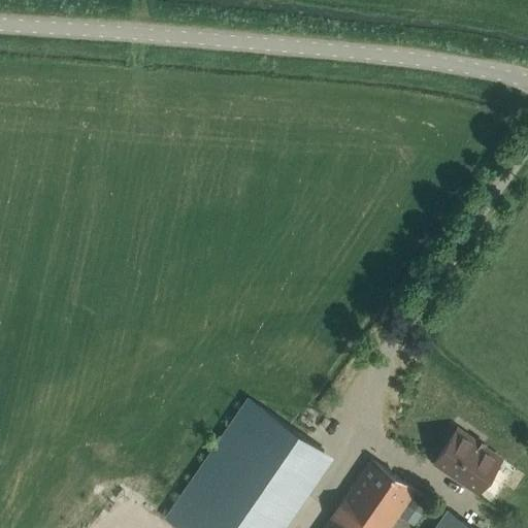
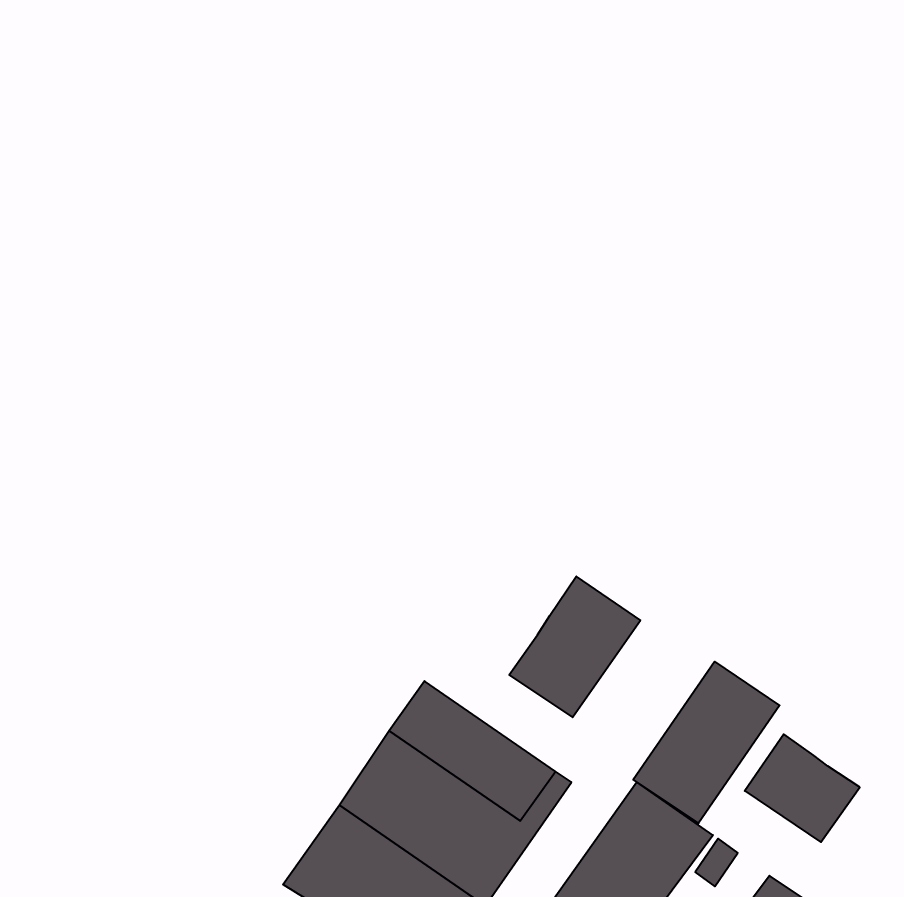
building: none -> [509,576,640,717]
building: none -> [633,662,780,823]

